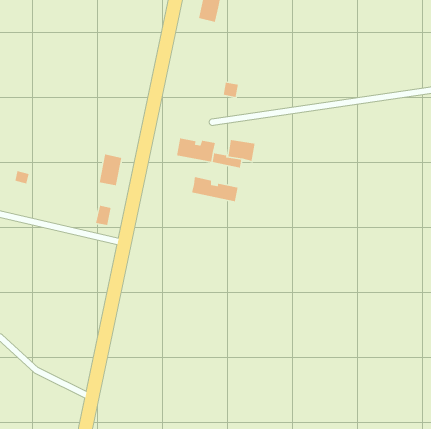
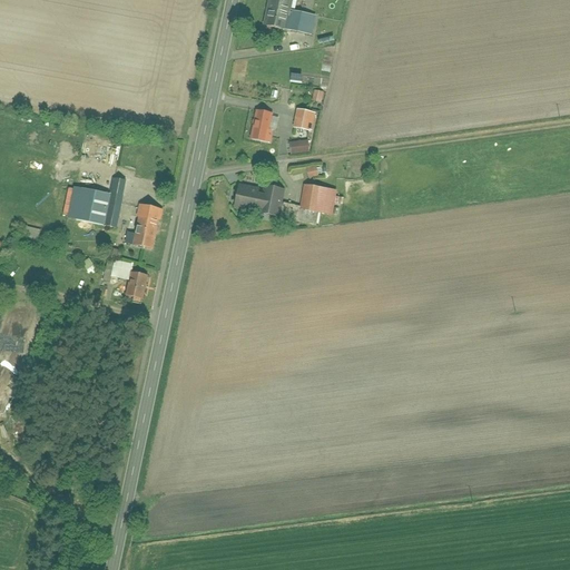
building: none -> [285,9,315,33]
building: none -> [252,110,281,140]
building: none -> [68,178,126,226]
building: [191,176,239,202] -> none

